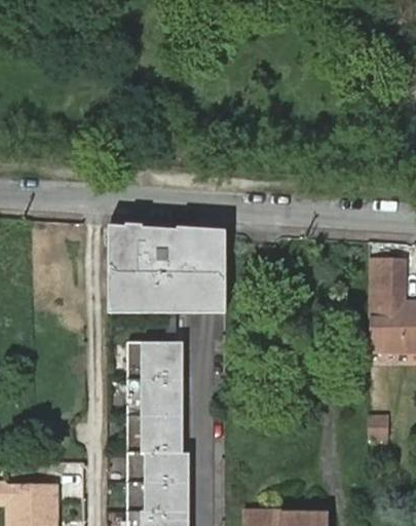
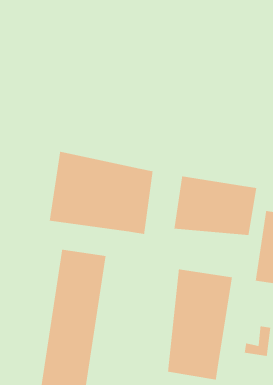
building: none -> [174,175,257,236]
building: none -> [167,269,233,381]

